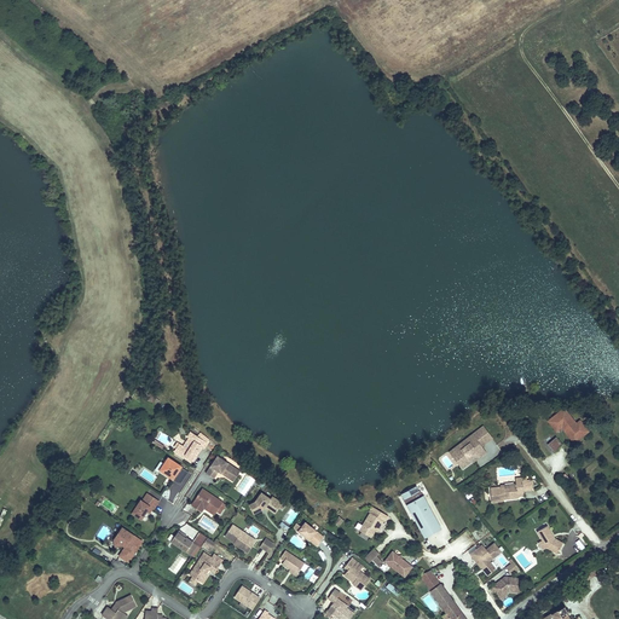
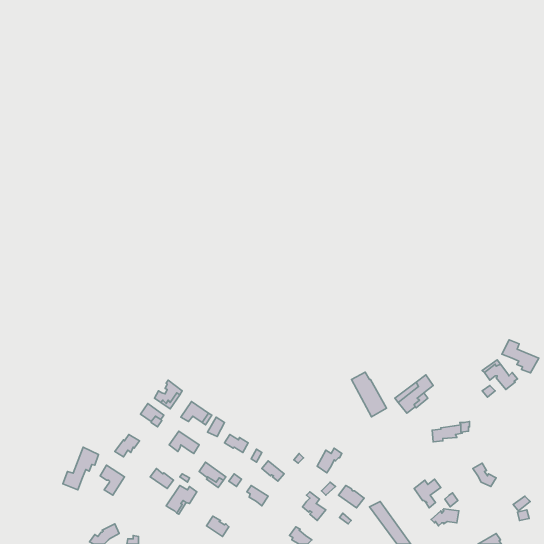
building: none -> [502,340,539,373]
building: [401,485,441,536] -> [351,372,386,417]
building: none -> [63,447,99,490]

